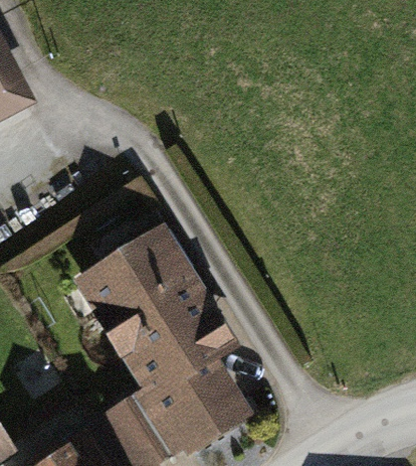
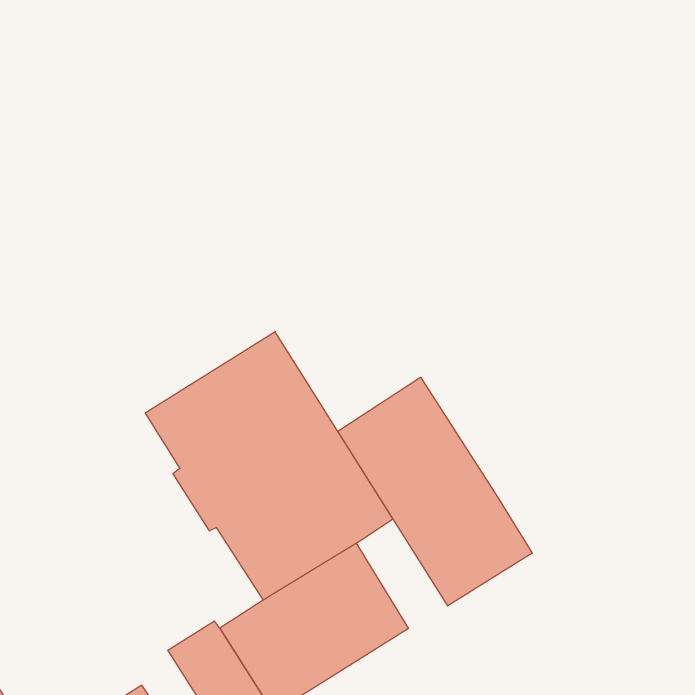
building: none -> [338,377,532,606]

